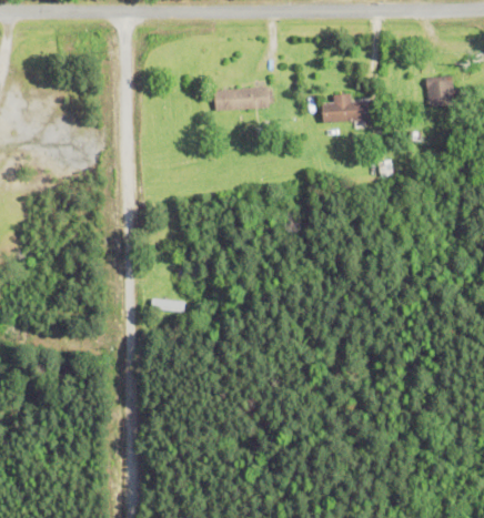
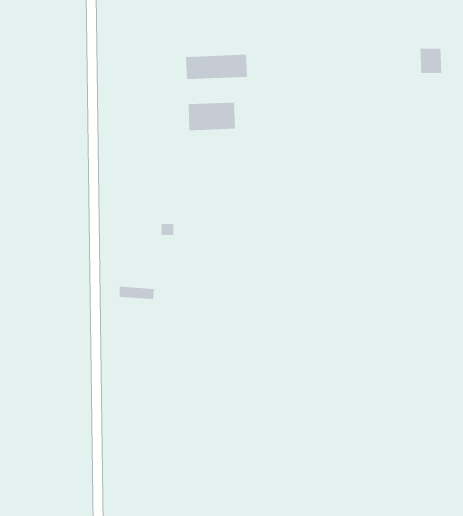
building: [322,93,369,121] -> none
building: none -> [188,102,235,131]

